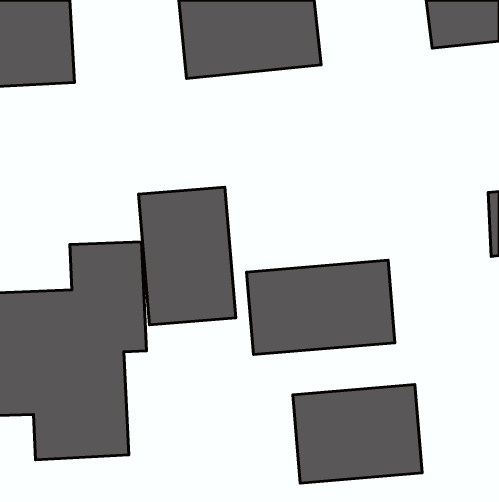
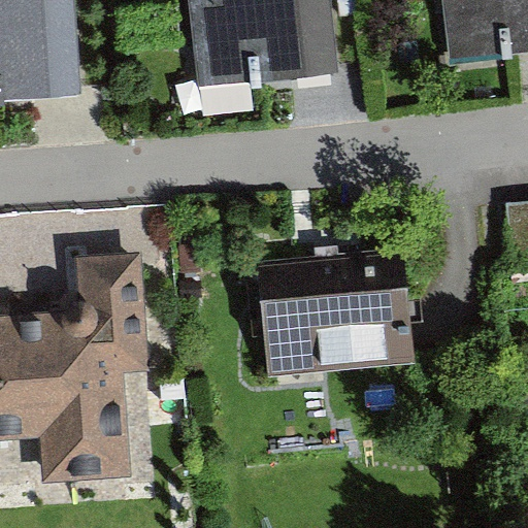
building: [139,187,236,325] -> none
building: [293,385,422,483] -> none

